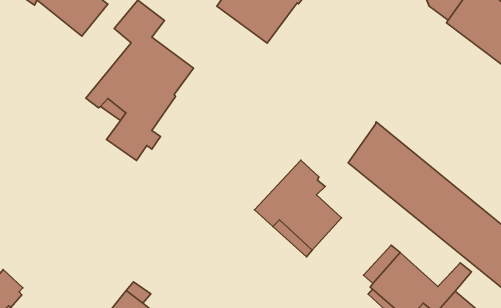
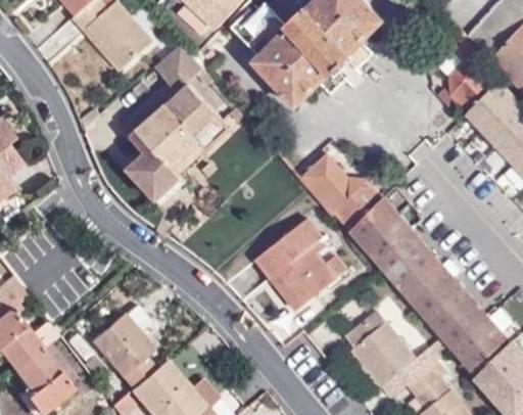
building: none -> [299,153,382,230]

